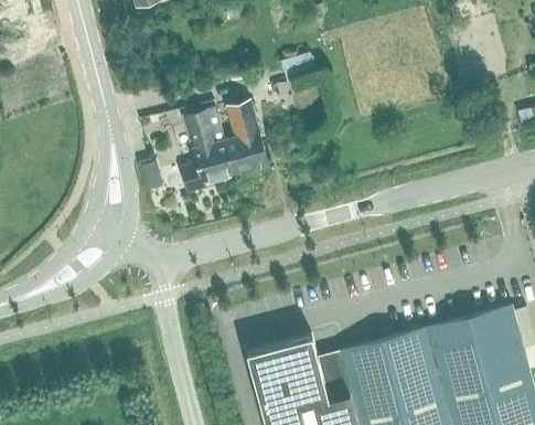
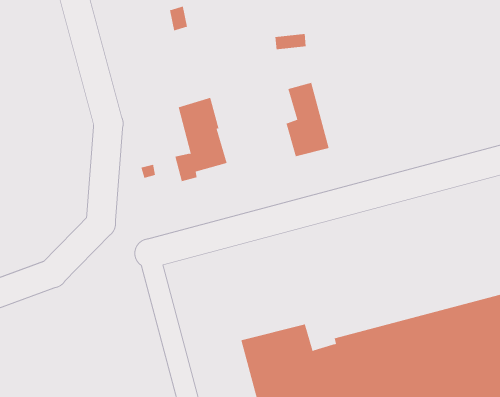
building: [224,102,268,177] -> [285,82,329,157]

